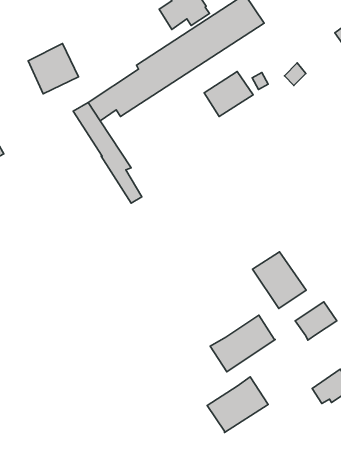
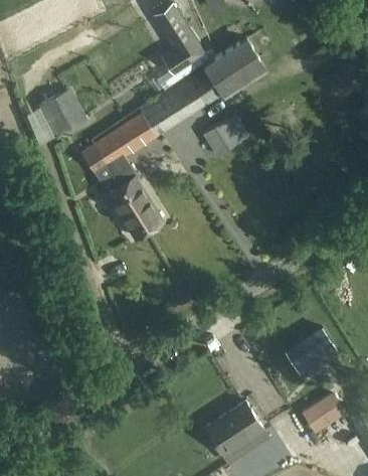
building: none -> [106,151,163,232]
building: [253,252,306,308] -> none
building: [210,315,275,372] -> none

